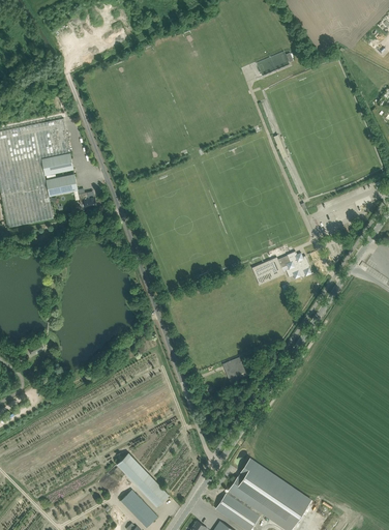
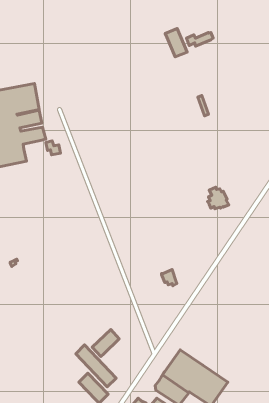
building: none -> [165,29,187,57]
building: [252,257,285,285] -> none
building: none -> [92,329,119,356]

